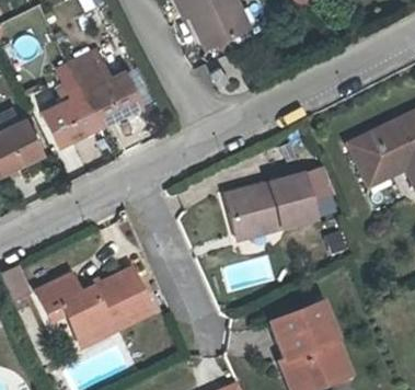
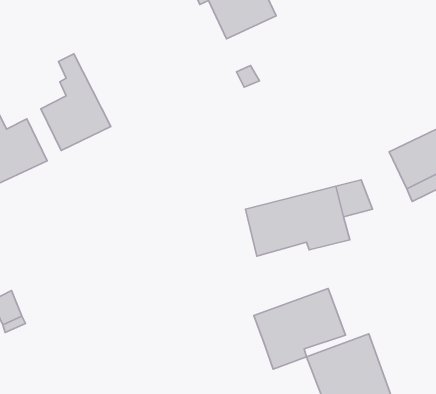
building: [72,46,146,123] -> none
building: none -> [254,288,346,369]
building: [39,271,157,341] -> none

